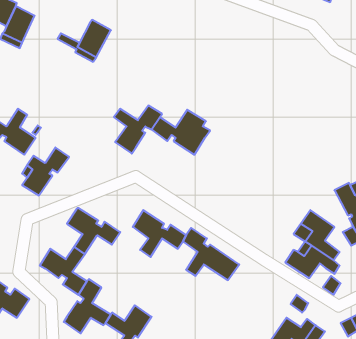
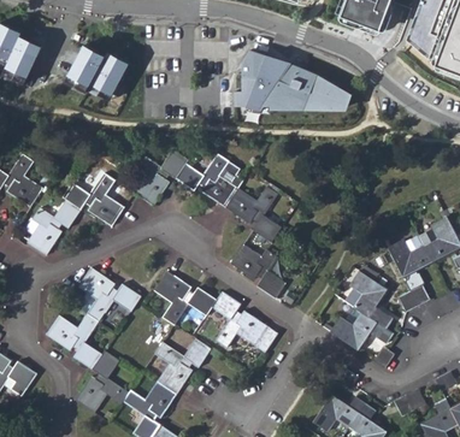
building: none -> [71,45,105,78]
building: none -> [237,47,354,111]
building: none -> [63,173,124,226]
building: none -> [225,187,281,242]
building: none -> [230,244,284,297]
building: none -> [154,339,210,394]

